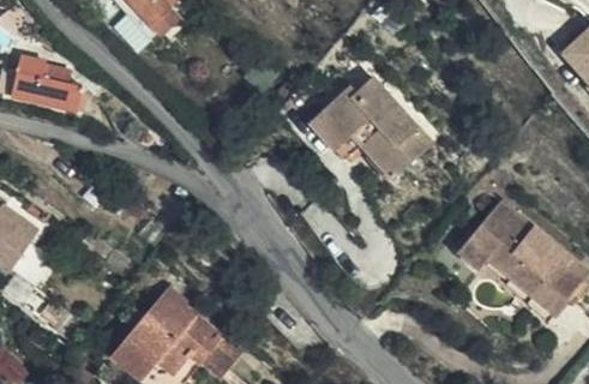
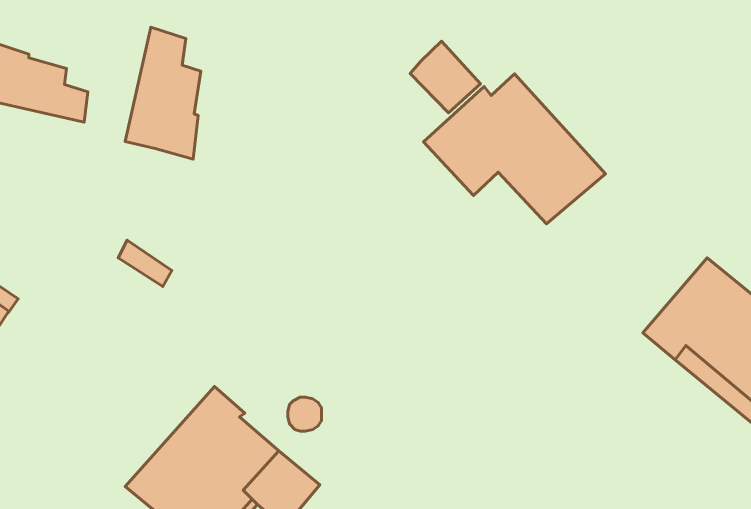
building: none -> [125,27,201,159]
building: none -> [410,41,480,113]

